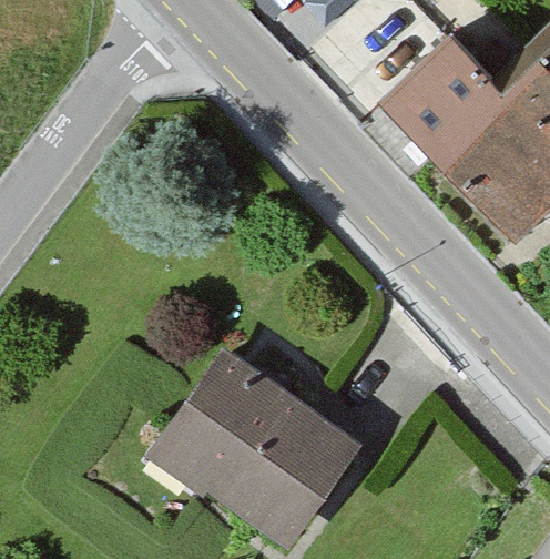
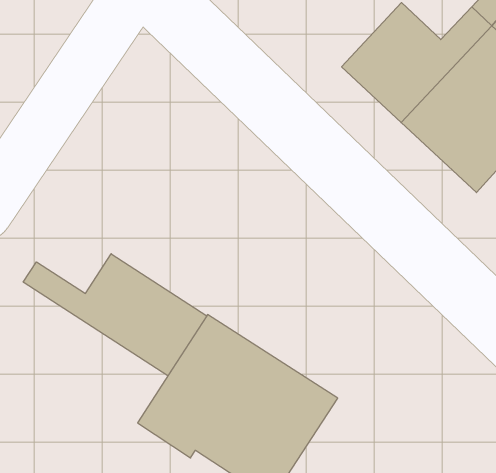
building: none -> [23,254,207,376]

